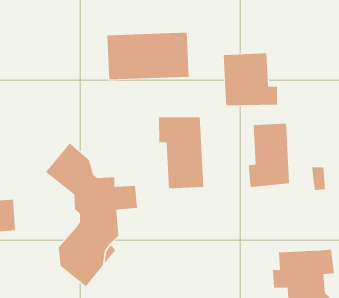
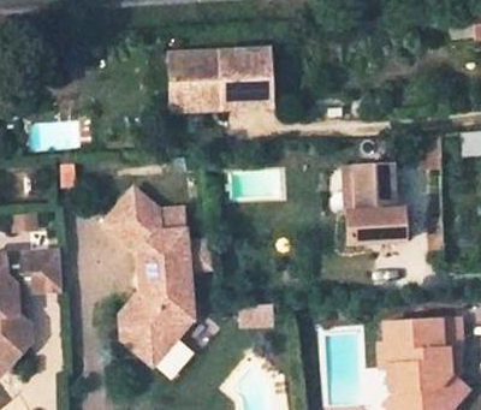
building: [223,53,277,106] -> none
building: [158,116,204,189] -> none

